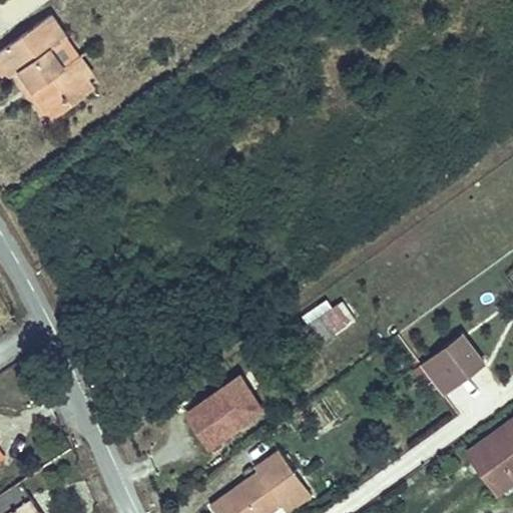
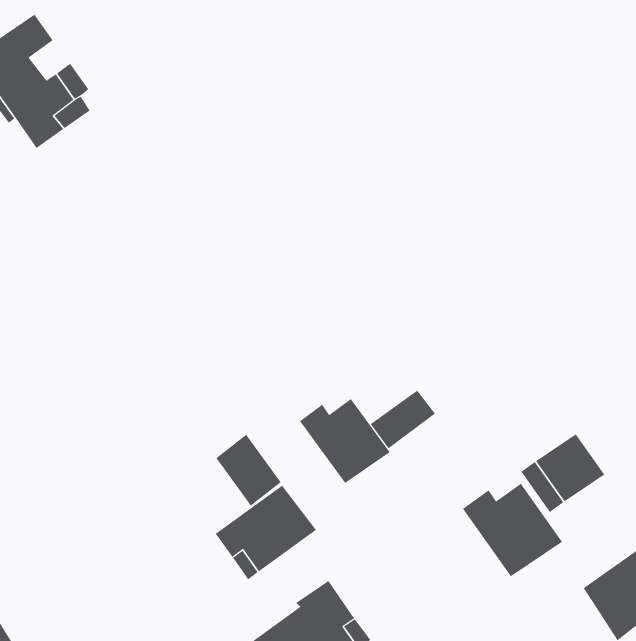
building: none -> [299,398,390,484]
building: none -> [215,434,282,506]
building: none -> [462,483,563,577]

